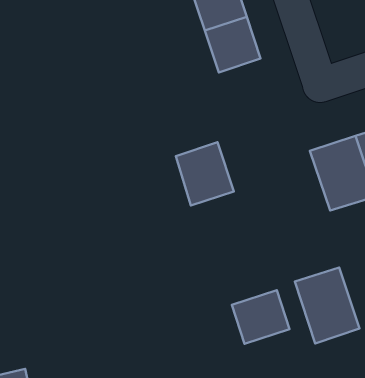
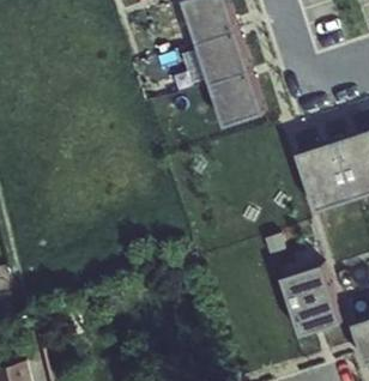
building: [176,142,234,206] -> [207,67,262,127]
building: [232,290,289,344] -> none

